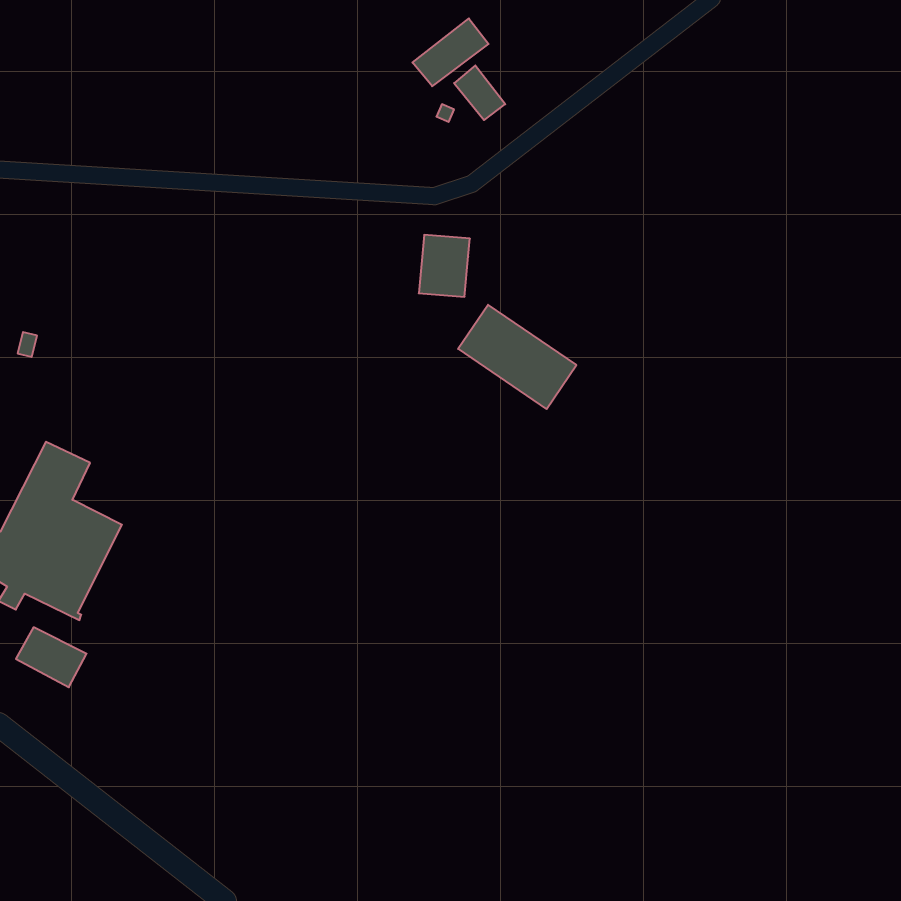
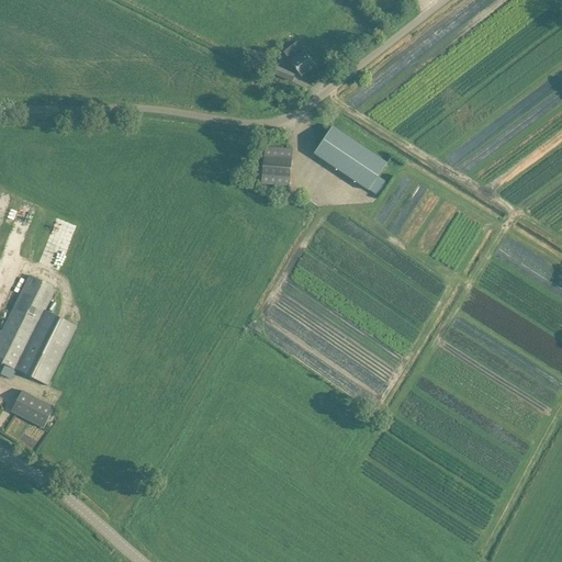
building: [412,18,489,86] -> none
building: [458,305,576,409] -> [313,125,386,190]

